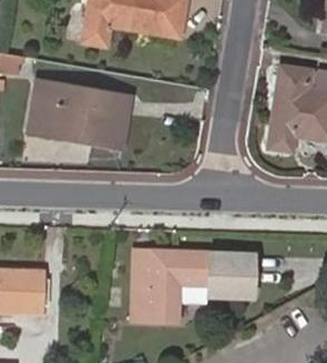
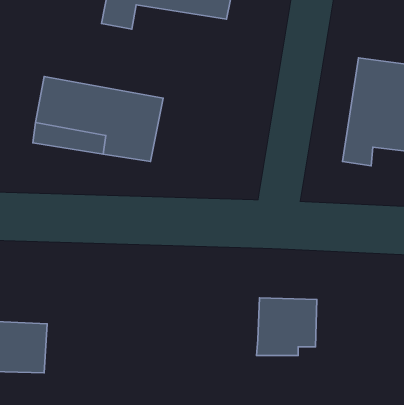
building: [133,250,206,320] -> none

